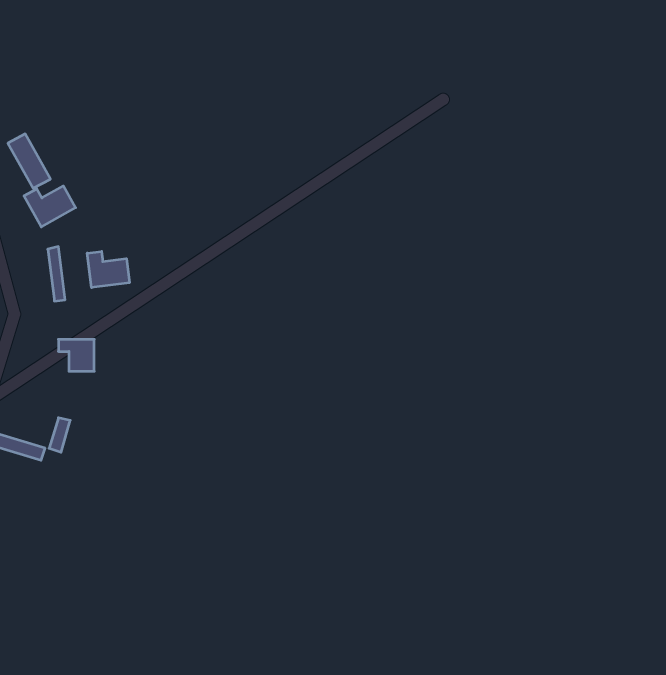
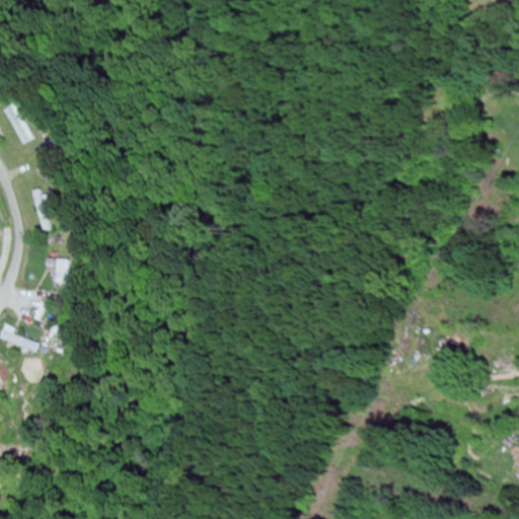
building: [24,186,76,227] -> none
building: [87,251,129,288] -> none

